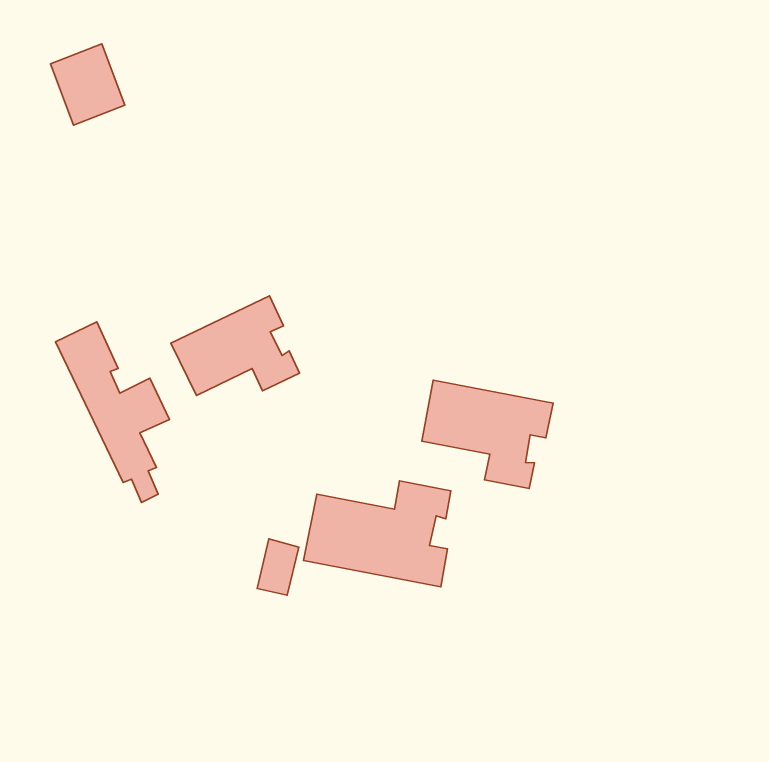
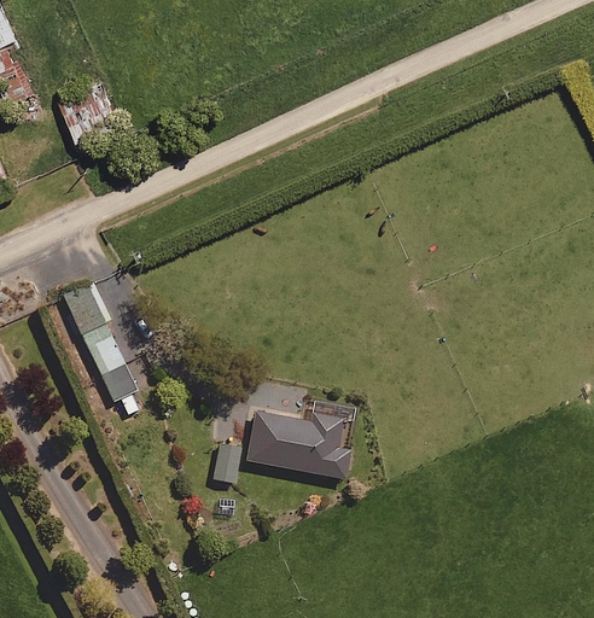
building: [171,296,299,395] -> none
building: [422,380,553,489] -> none

